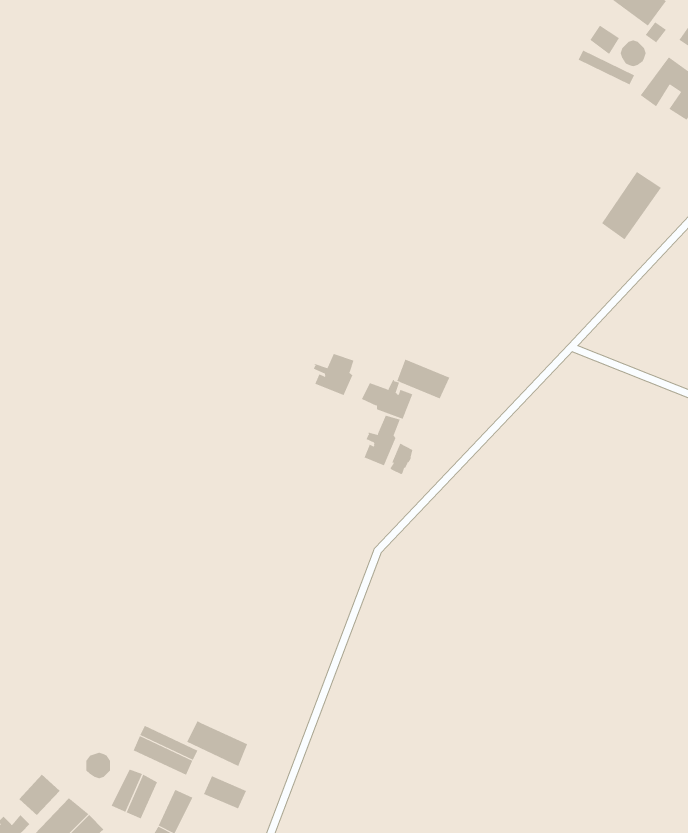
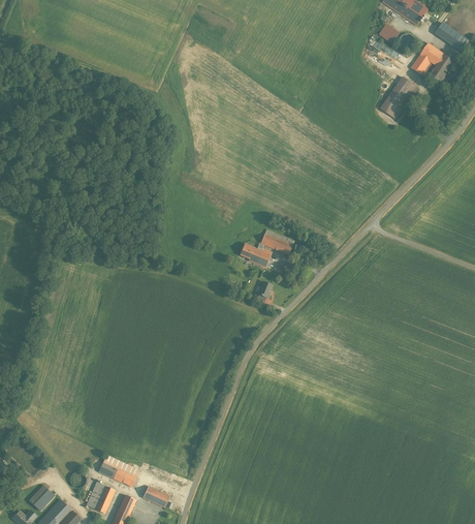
building: [601,171,662,240] -> [381,76,418,119]
building: [313,353,354,396] -> none
building: [364,415,400,466] -> none
building: [186,719,248,767] -> none

